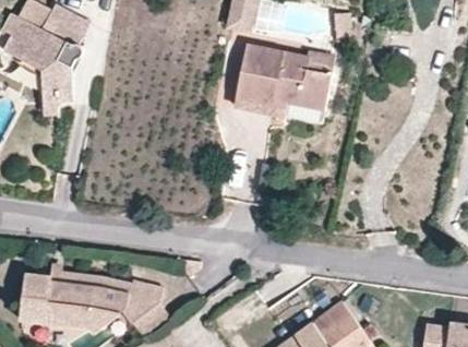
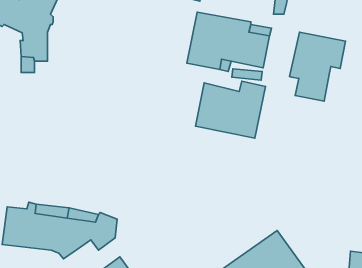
building: none -> [290,32,346,101]
building: none -> [195,81,266,138]

